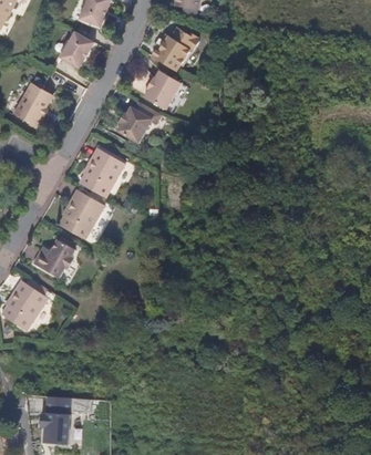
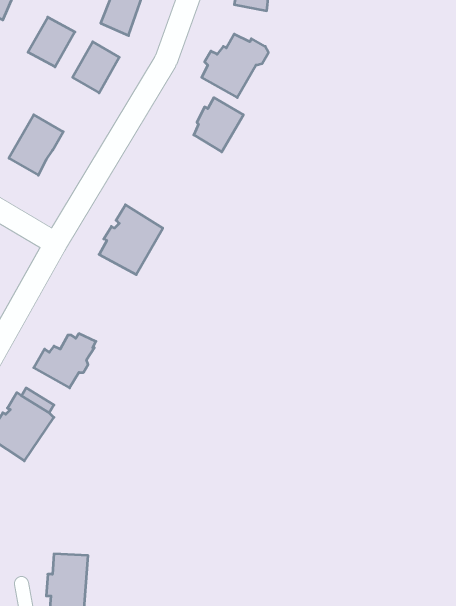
building: none -> [28,17,75,67]
building: [116,101,162,143] -> none
building: [58,189,103,239] -> none

